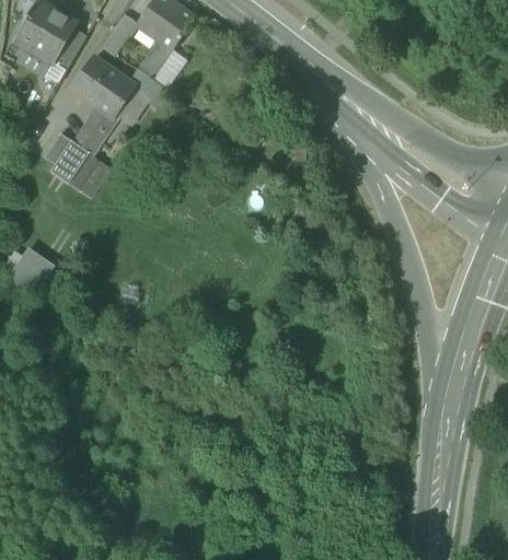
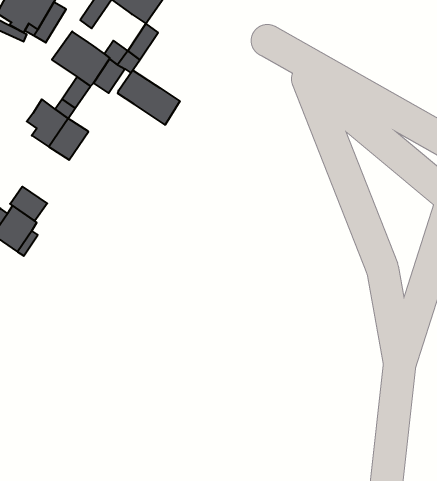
building: [138,38,173,78] -> none
building: none -> [118,71,180,125]
building: none -> [10,187,47,221]

